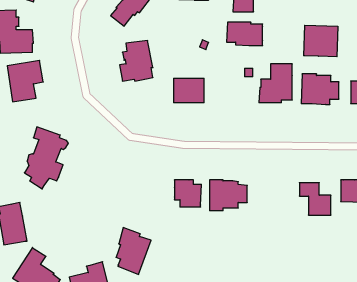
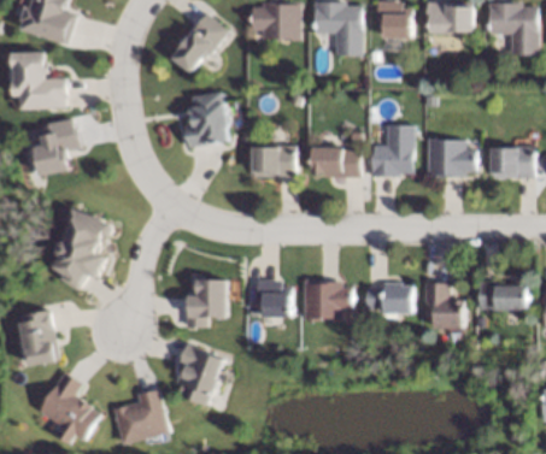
building: [227,22,263,46] -> [311,146,359,177]
building: [304,25,338,57] -> none
building: none -> [186,279,228,326]
building: none -> [365,282,413,313]

